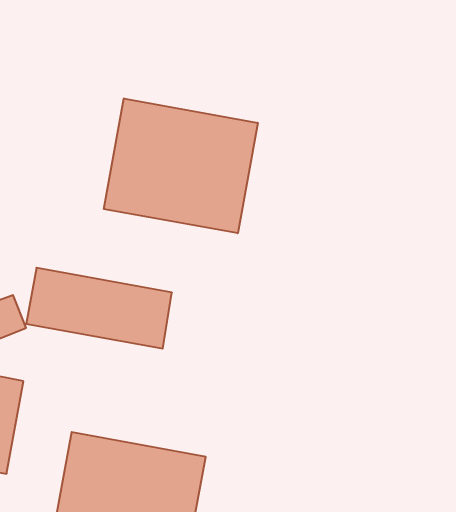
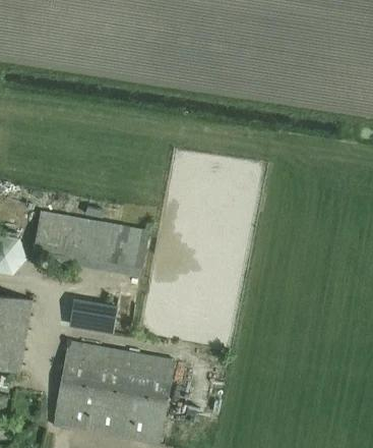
building: [104,98,258,233] -> none
building: none -> [73,301,116,330]

